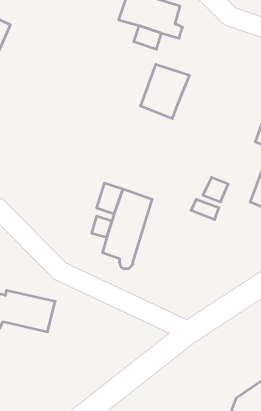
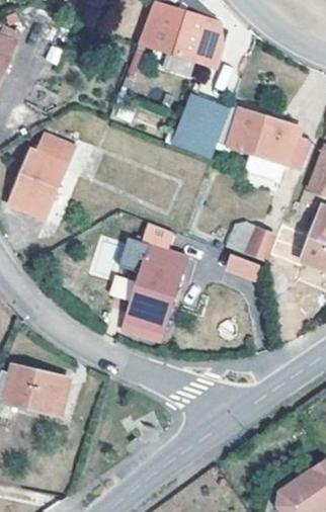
building: none -> [216,106,305,168]
building: none -> [9,135,73,218]

